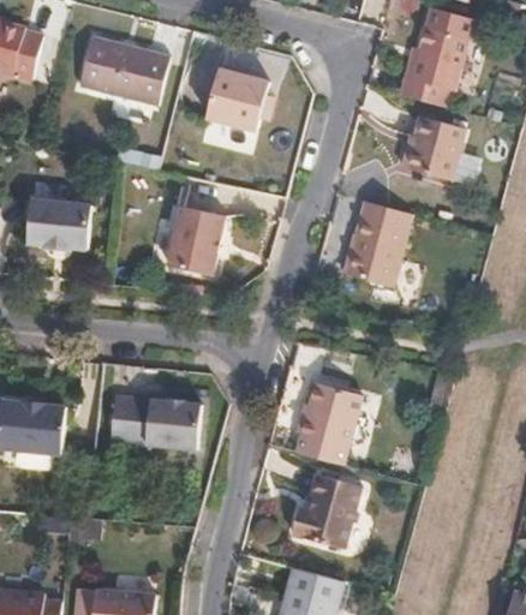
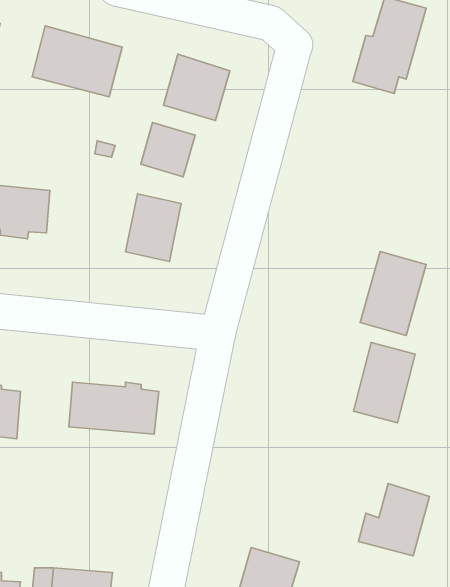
building: [401,112,461,179] -> none
building: none -> [141,123,195,177]
building: [346,202,413,287] -> [360,252,426,336]
building: [299,381,361,462] -> [354,342,415,423]
building: [291,472,363,545] -> [359,484,430,556]

